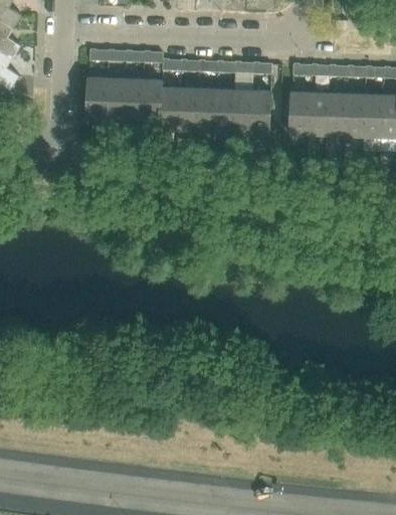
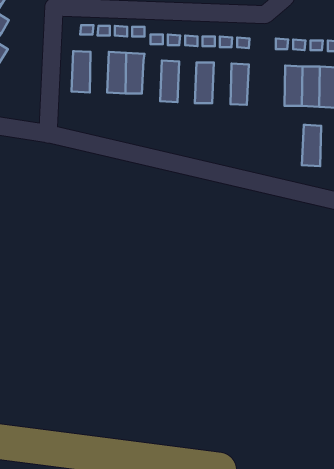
building: [106,77,126,120] -> none
building: [160,87,181,129] -> none
building: [197,88,217,131] -> none
building: [233,89,253,132] -> none
building: [289,91,310,134] -> [302,125,321,166]

